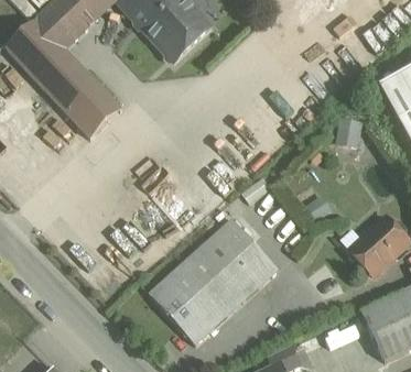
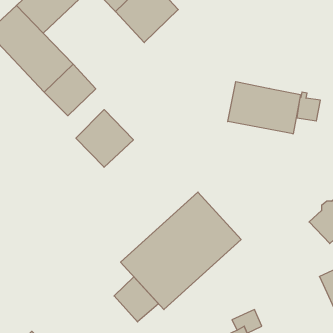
building: none -> [228,82,300,134]
building: none -> [76,110,133,167]
building: none -> [114,277,158,322]

